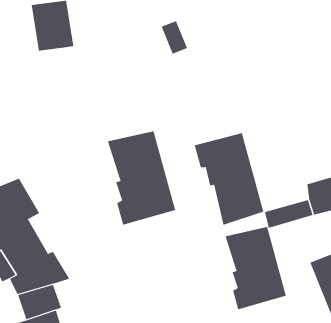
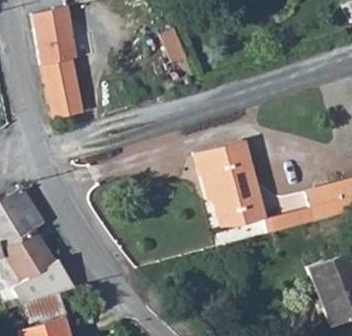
building: none -> [41,58,83,118]
building: [107,130,176,226] -> none
building: [225,226,287,310] -> none

